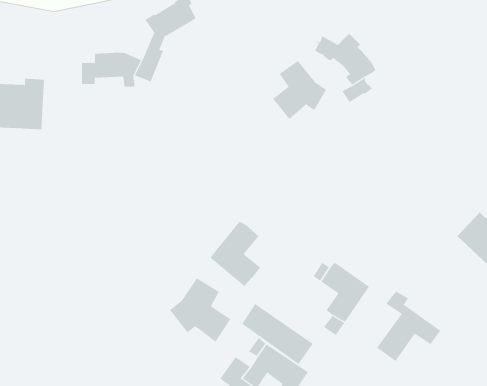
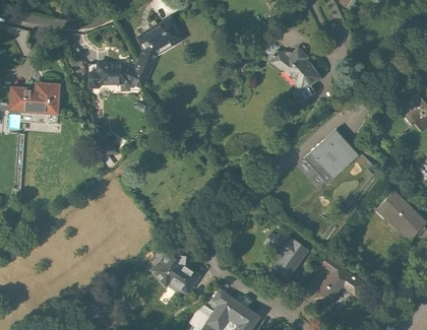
building: [272,60,327,120] -> none
building: none -> [306,135,361,175]
building: [209,221,261,287] -> none
building: [242,303,313,365] -> none

